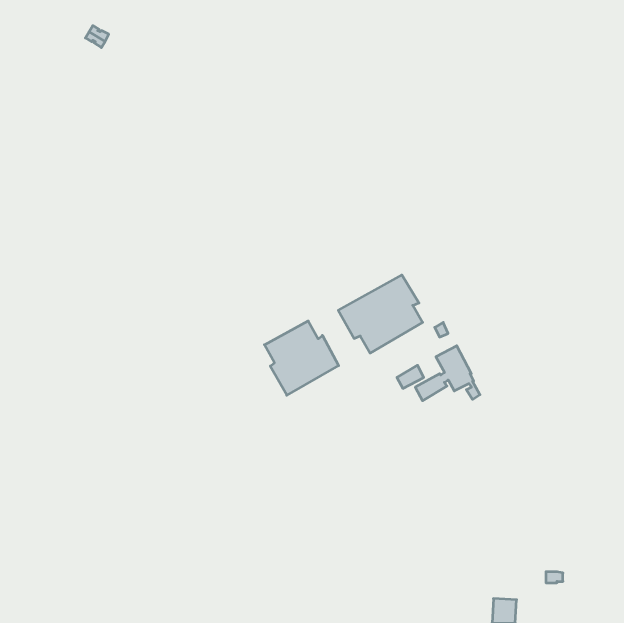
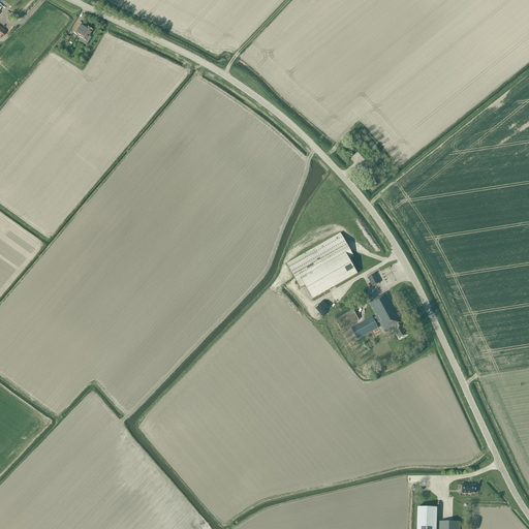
building: [264,321,339,395] -> none

